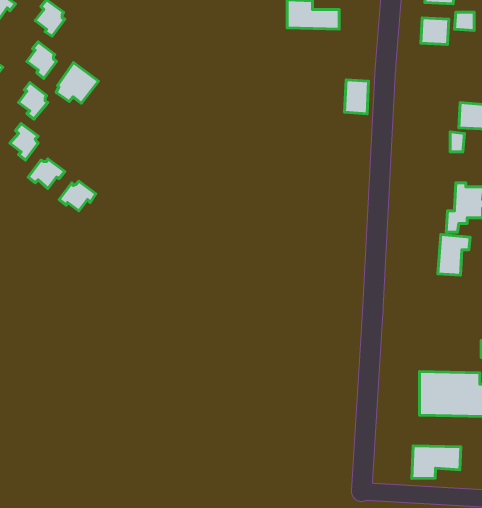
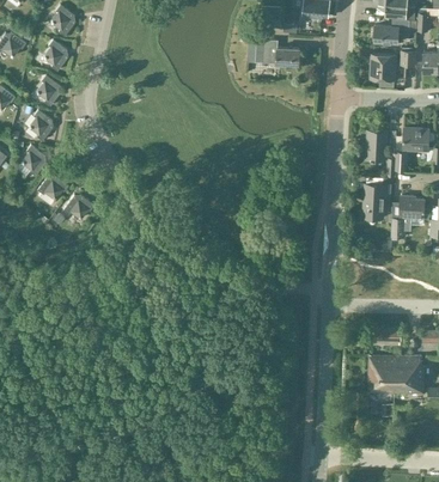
building: [56,62,98,103] -> none
building: [345,80,369,114] -> [367,130,388,159]
building: [438,234,470,275] -> [364,183,391,218]
building: [412,446,461,478] -> none

